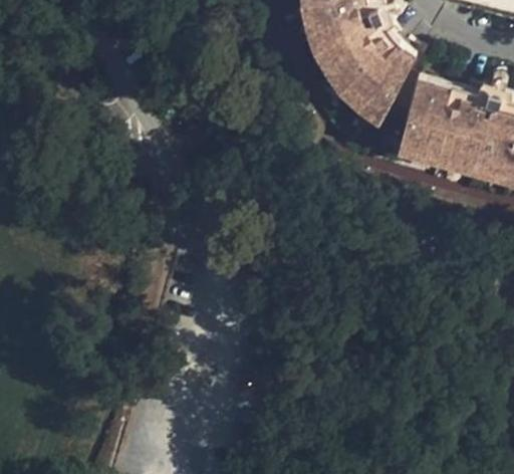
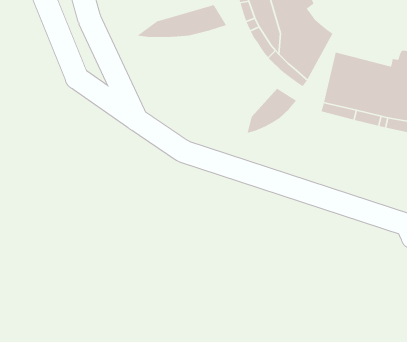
building: none -> [136,4,227,38]
building: none -> [246,88,297,134]

